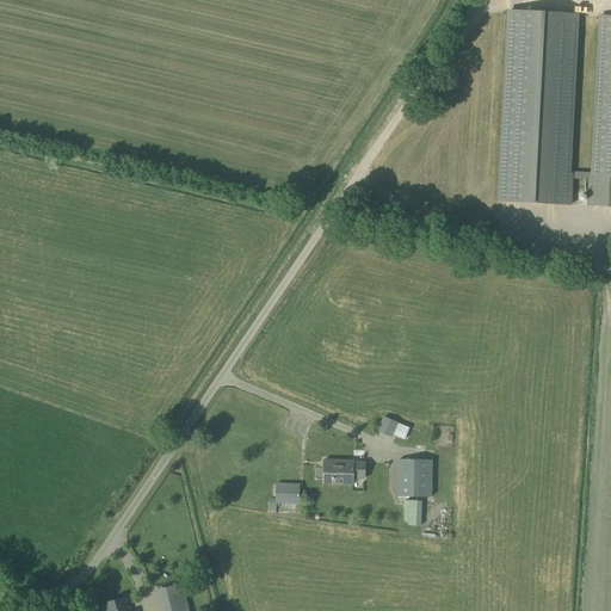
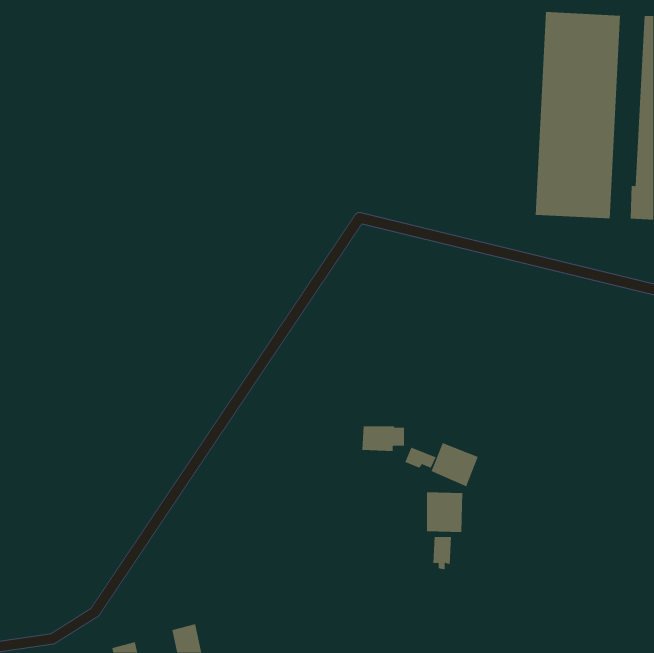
building: none -> [431,442,479,487]
building: [322,459,363,483] -> [361,426,405,451]
building: [269,482,298,511] -> none

